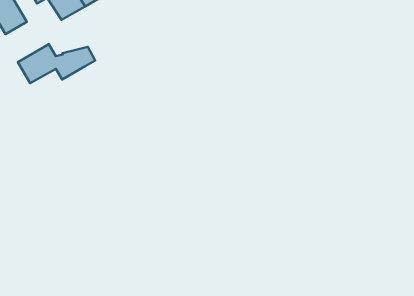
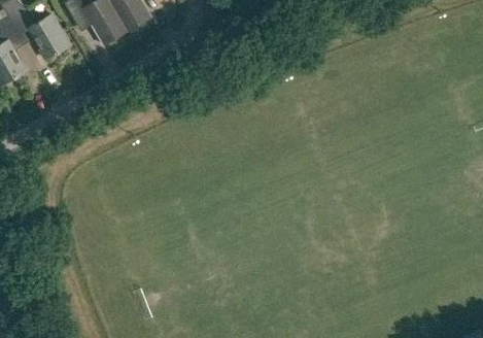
building: [18,44,95,83] -> none

